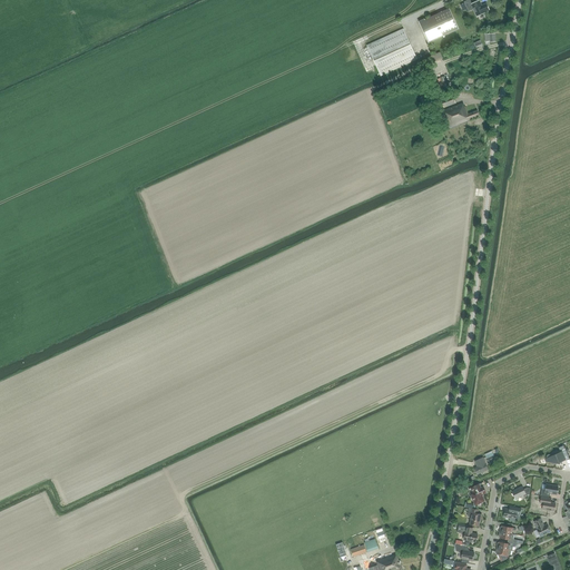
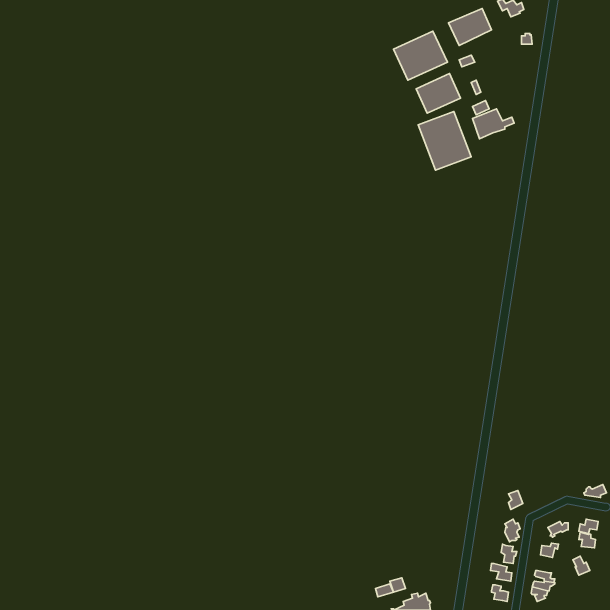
building: none -> [416,74,461,113]
building: none -> [418,111,471,170]

